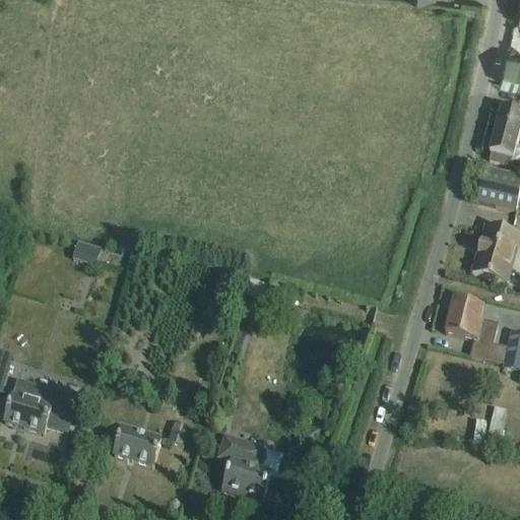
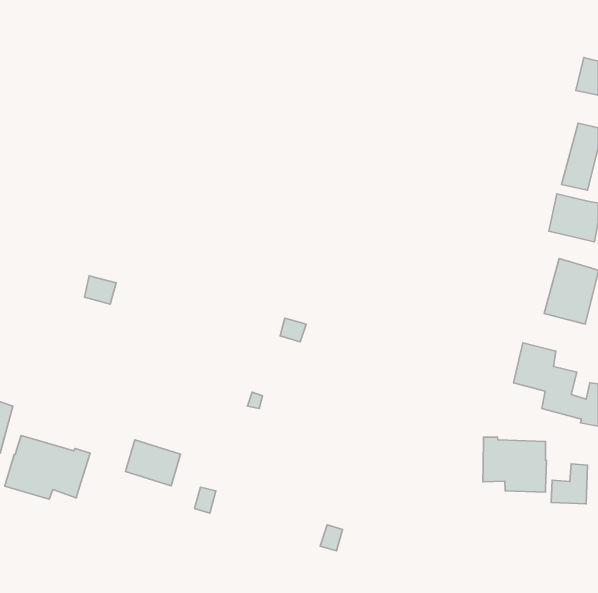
building: none -> [483,437,546,492]
building: [113,426,160,465] -> [125,440,181,486]
building: [213,434,270,498] -> none

